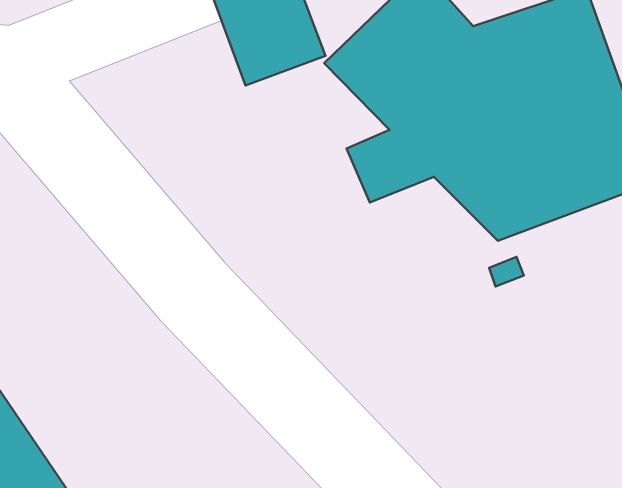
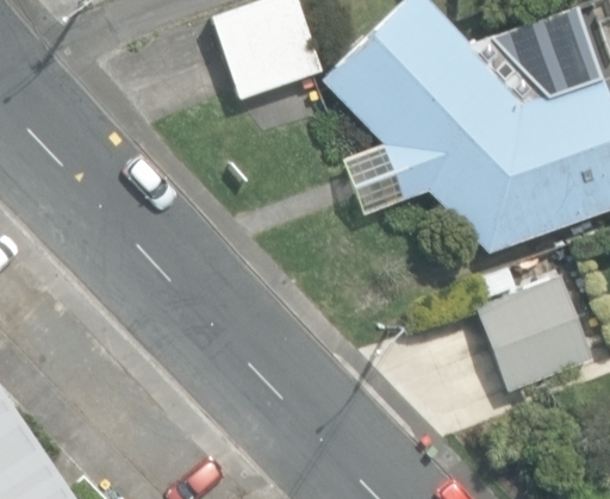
building: none -> [475,275,593,392]

